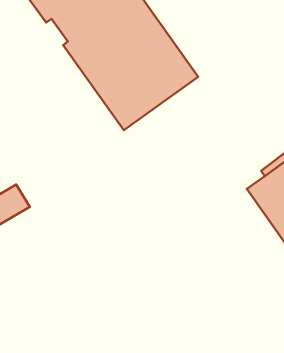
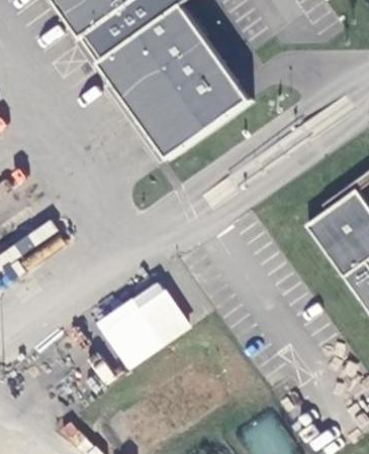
building: none -> [92,278,190,371]

